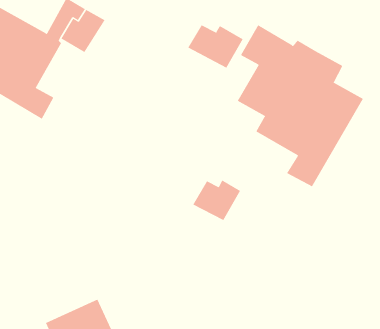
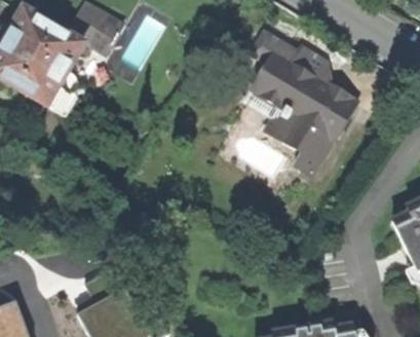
building: [187,24,243,68] -> none
building: [192,180,241,221] -> none

